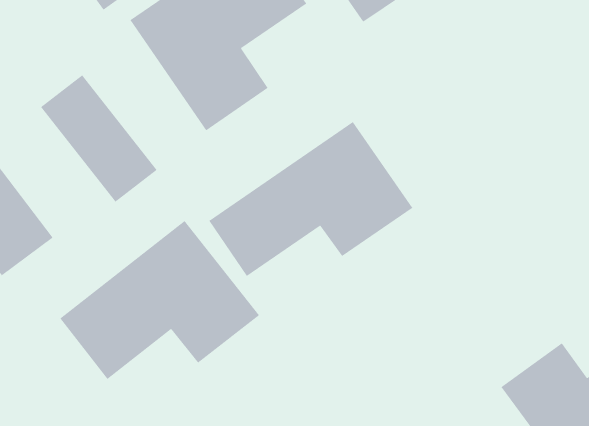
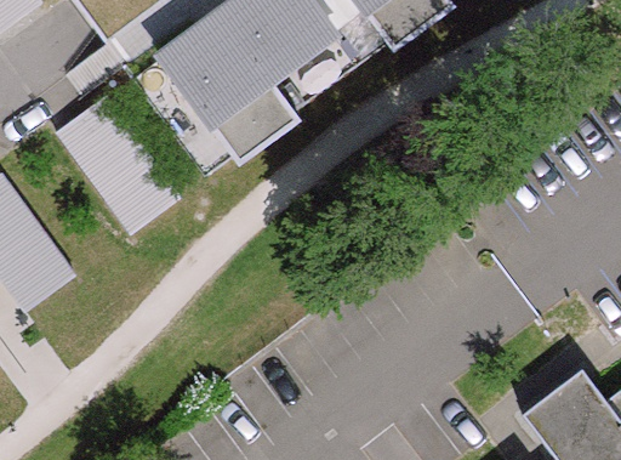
building: [208,121,413,277] -> none
building: [60,220,260,380] -> none

